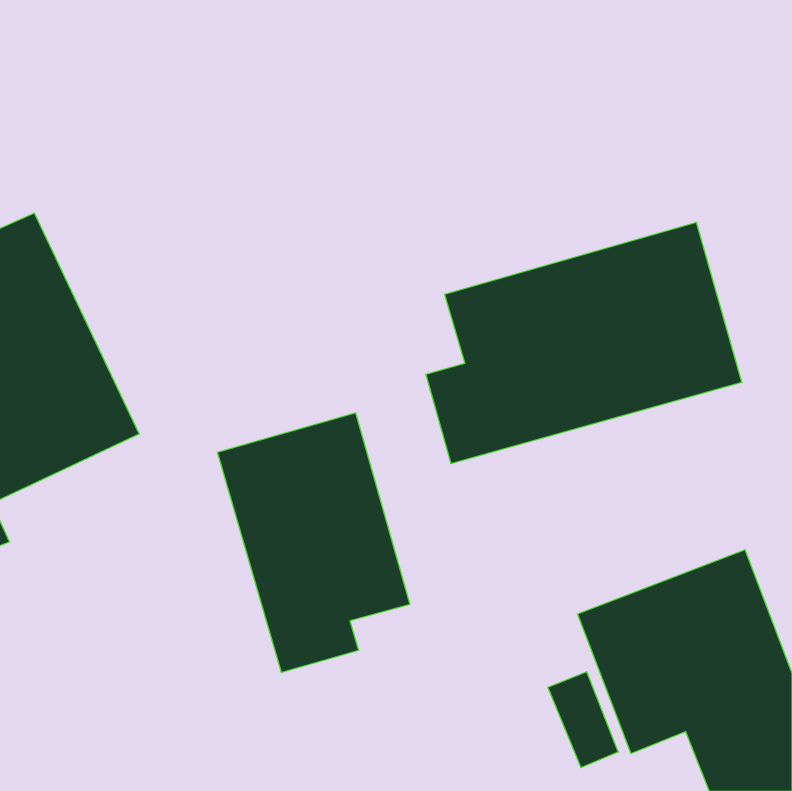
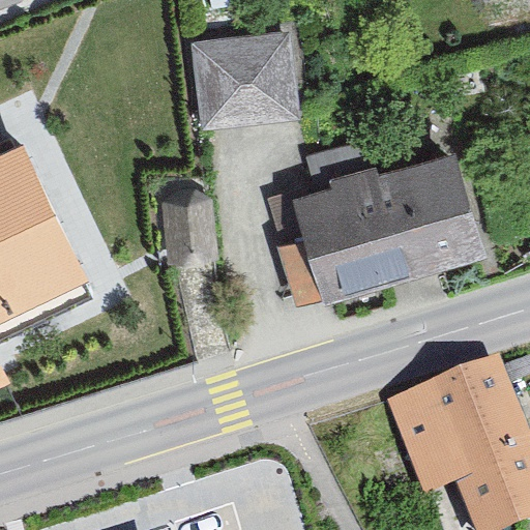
building: none -> [190,31,298,124]
building: [218,413,410,673] -> none

